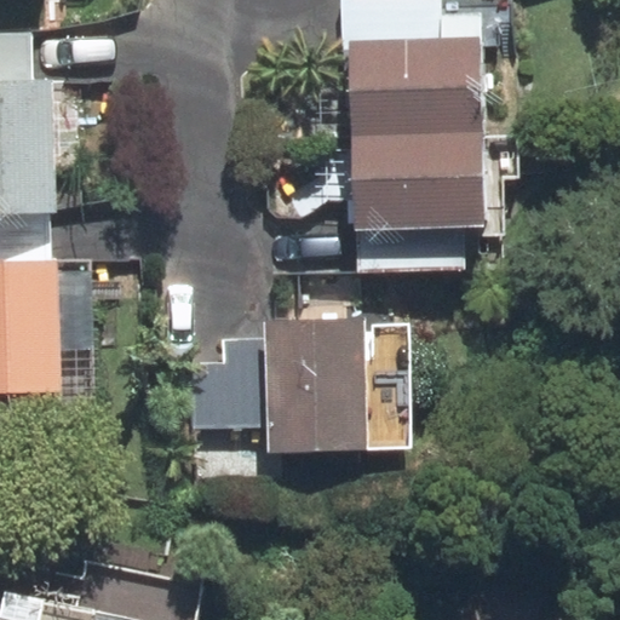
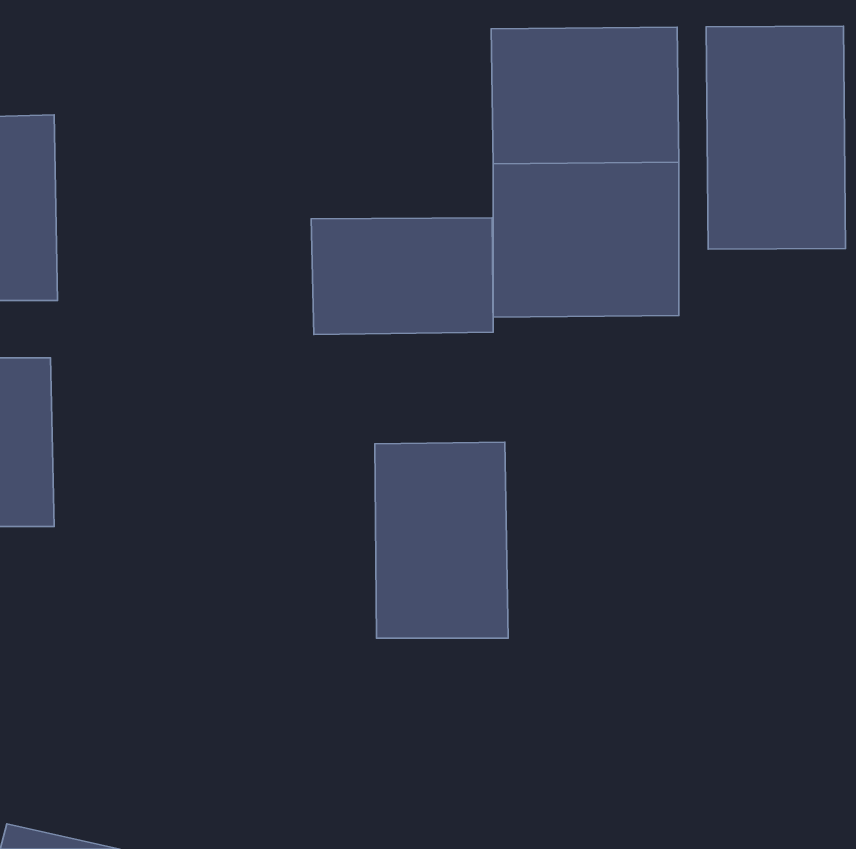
building: none -> [706,26,846,249]
building: none -> [311,218,493,335]

